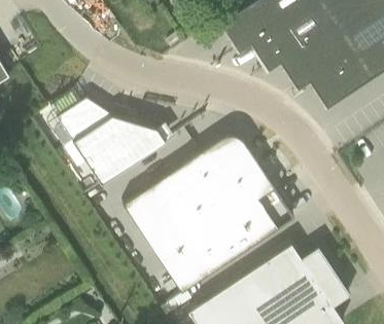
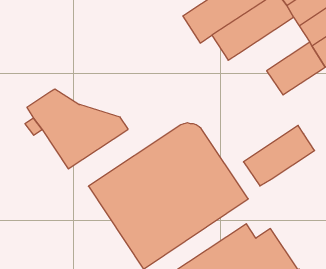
building: [282,23,358,87] -> [243,125,315,186]

